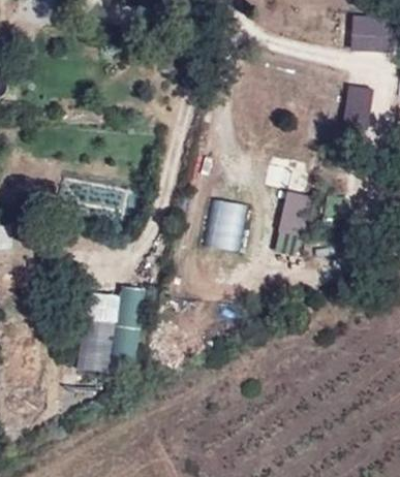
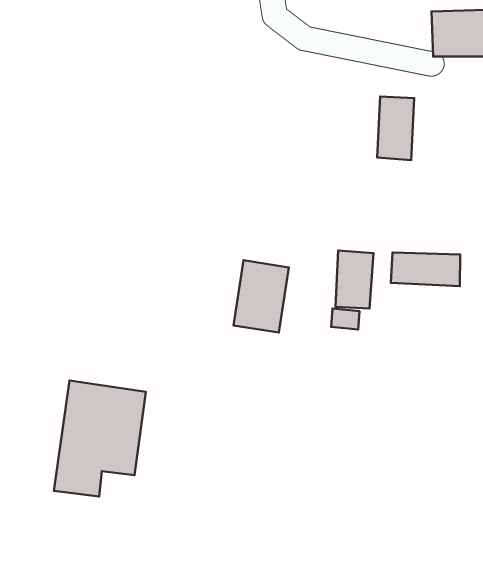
building: [344,85,371,131] -> [377,97,414,160]
building: none -> [391,253,460,286]

